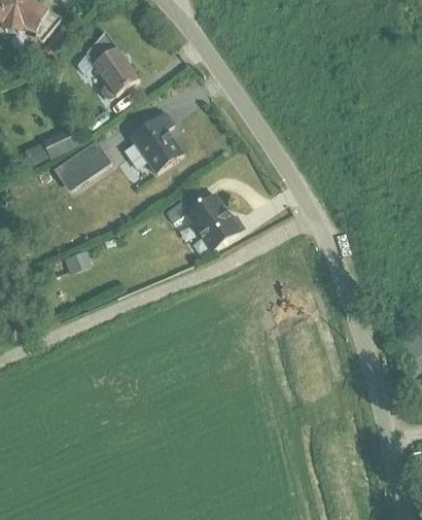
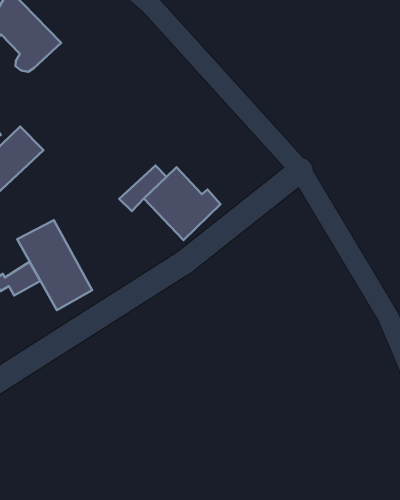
building: [122,112,183,174] -> none
building: none -> [17,220,92,310]

